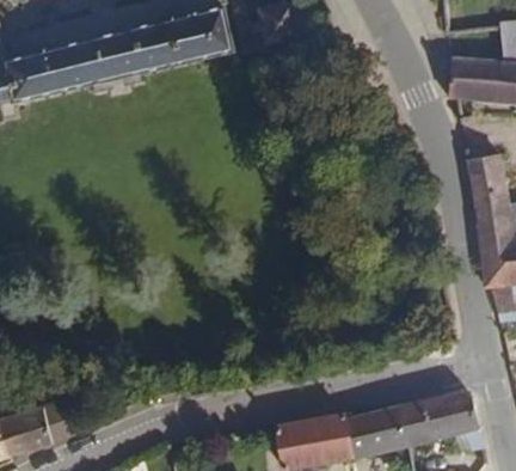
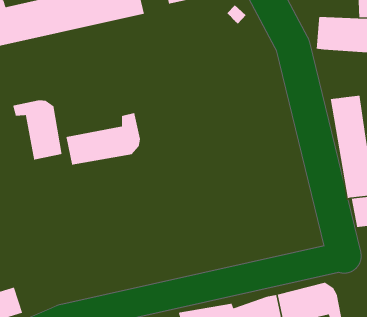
building: none -> [12,99,62,160]
building: none -> [66,112,141,166]

